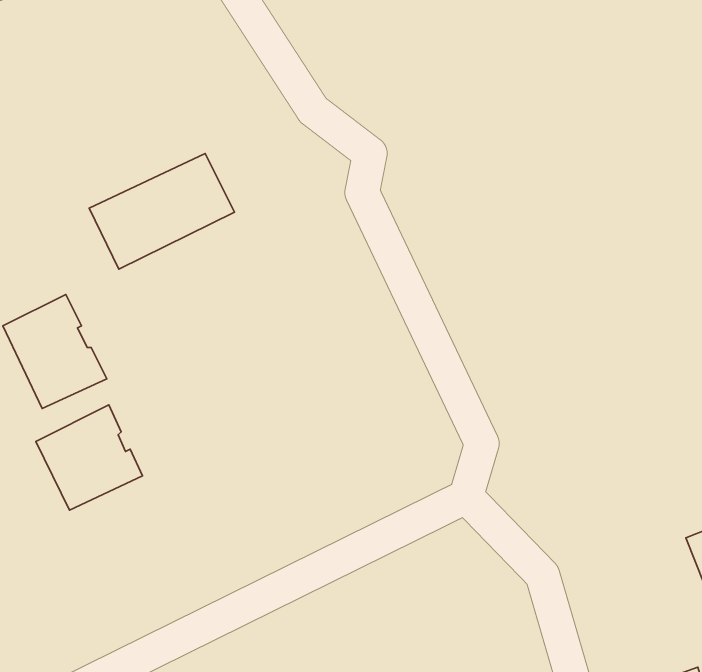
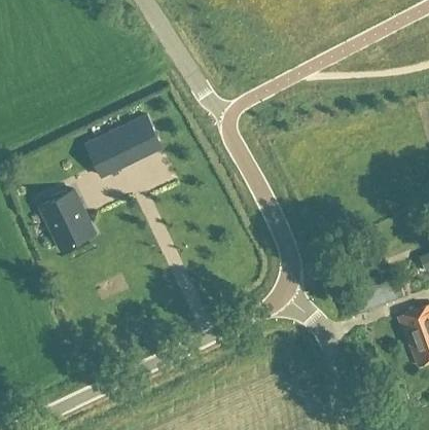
building: [36,405,142,510] -> none

